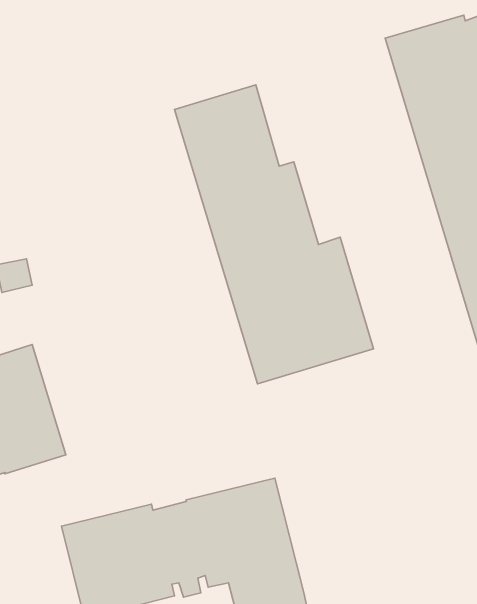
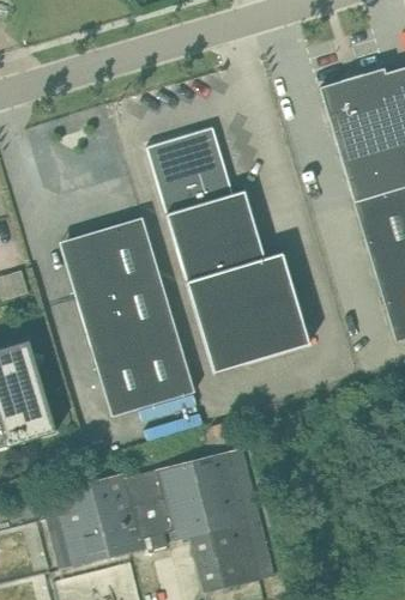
building: none -> [64,217,193,417]

